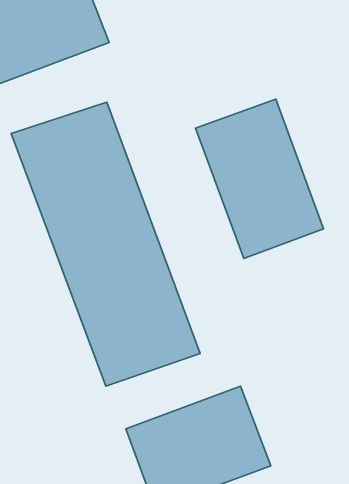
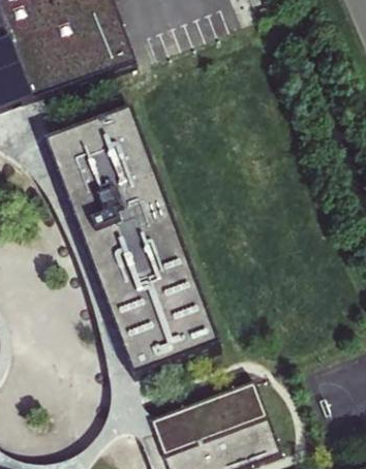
building: [195,99,324,259] -> none

